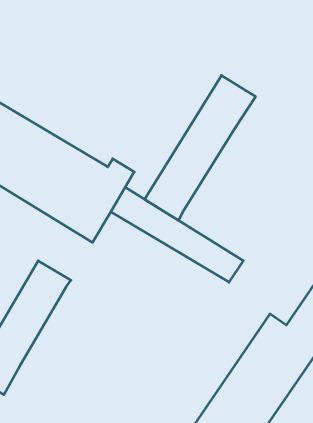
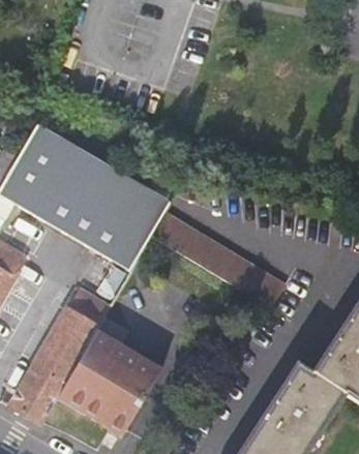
building: [145,75,255,220] -> none
building: none -> [59,313,163,431]

